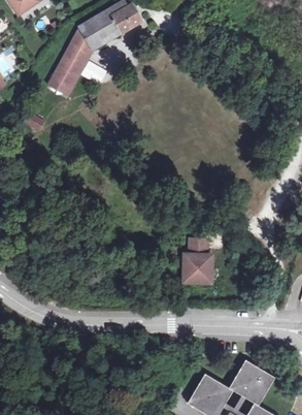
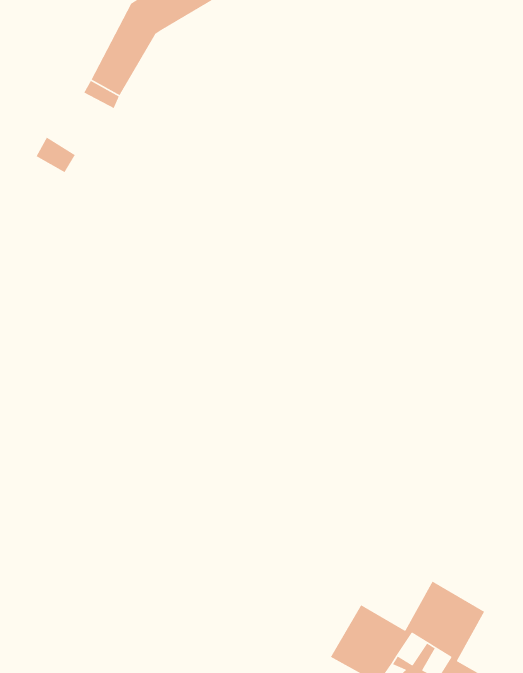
building: [183,236,212,279] -> none

